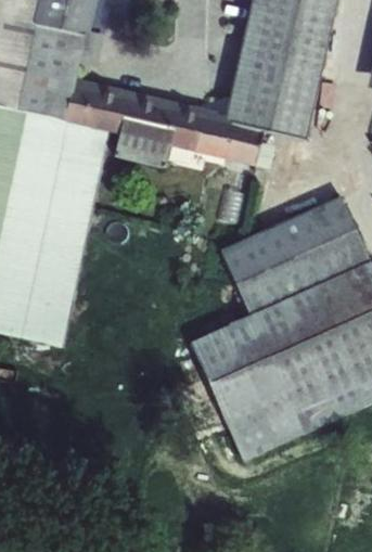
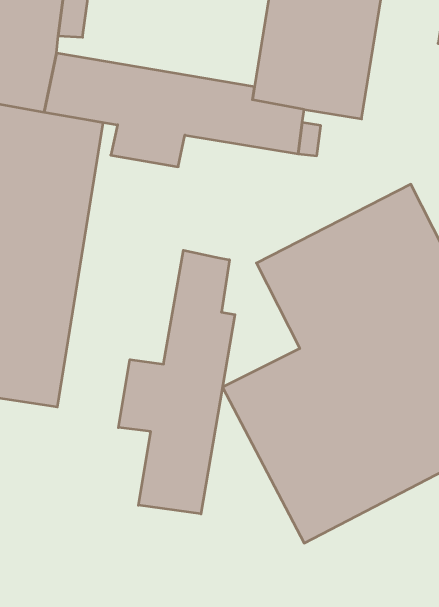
building: none -> [118,250,235,514]

